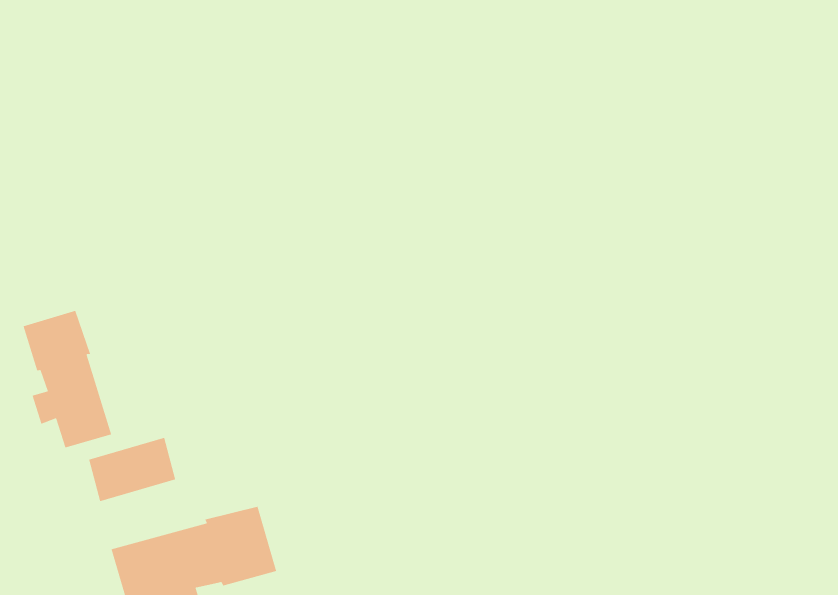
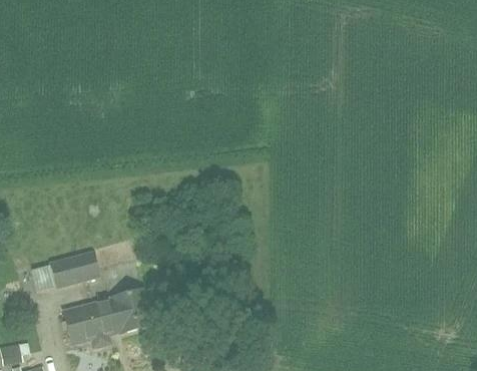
building: [22,310,112,449] -> none

